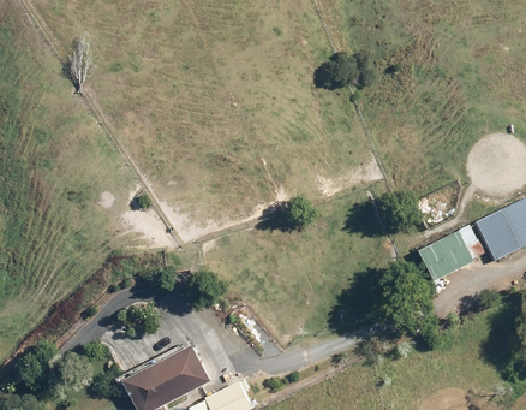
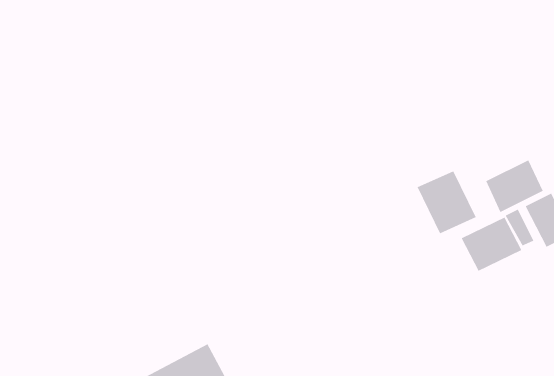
building: none -> [485,159,543,213]
building: none -> [417,170,476,234]

